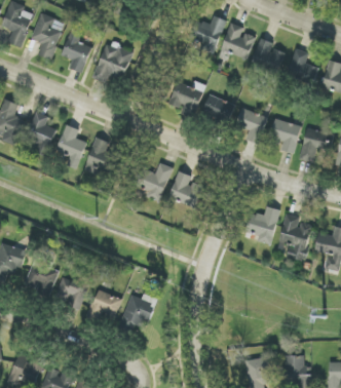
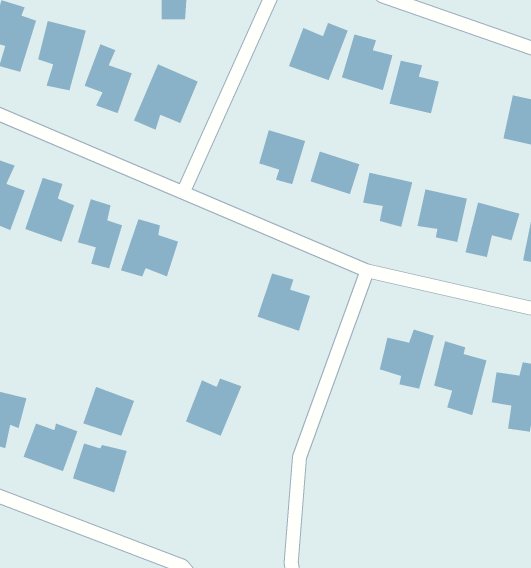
building: [287,49,318,83] -> none
building: [135,162,172,201] -> none
building: [88,289,121,321] -> [82,386,135,437]
building: [121,294,157,331] -> [185,377,243,437]

